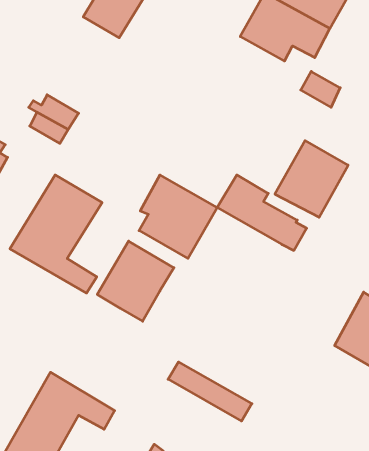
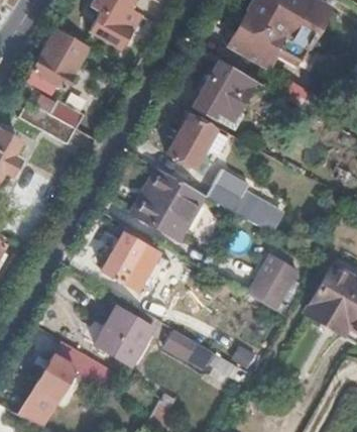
building: none -> [41,28,87,88]
building: none -> [165,115,212,168]
building: [275,141,348,217] -> [191,61,254,127]
building: [10,175,102,293] -> none
building: none -> [249,257,300,312]
building: none -> [95,307,150,362]

